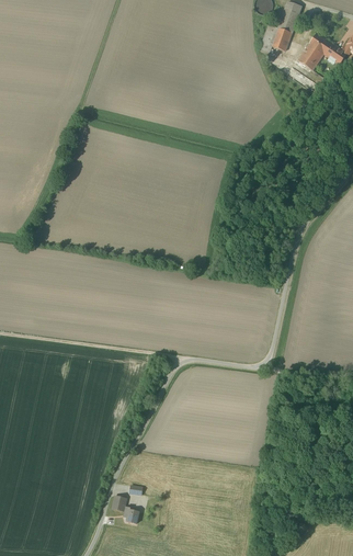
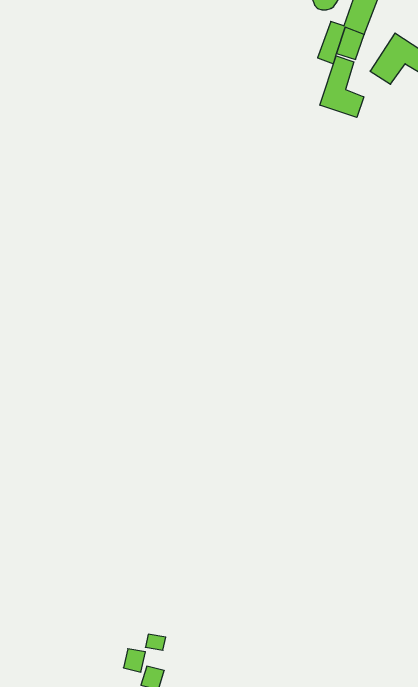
building: none -> [320,56,364,117]

